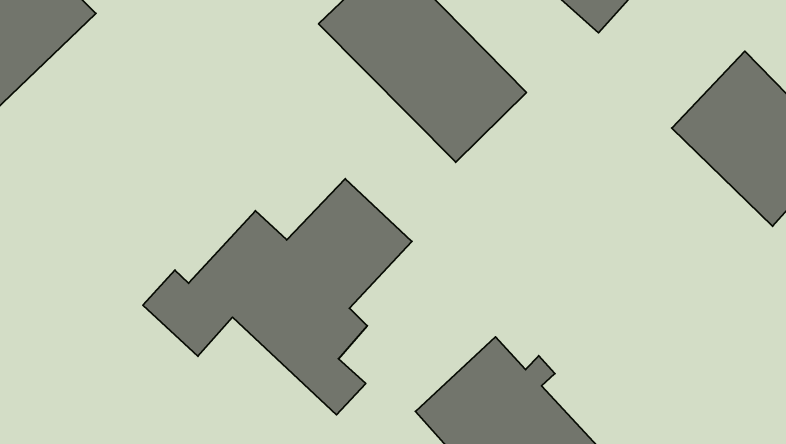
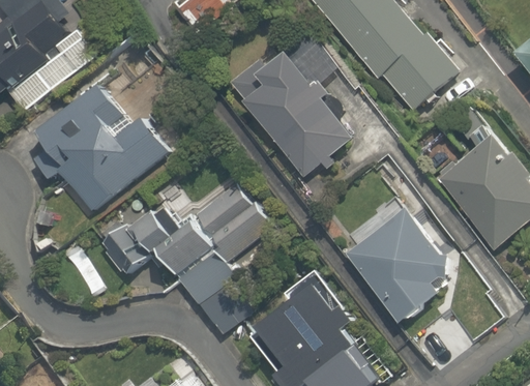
building: none -> [33,86,167,209]
building: none -> [343,207,447,321]

